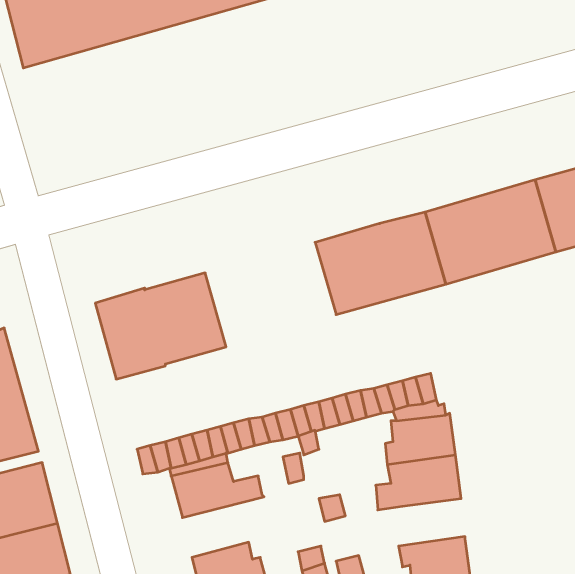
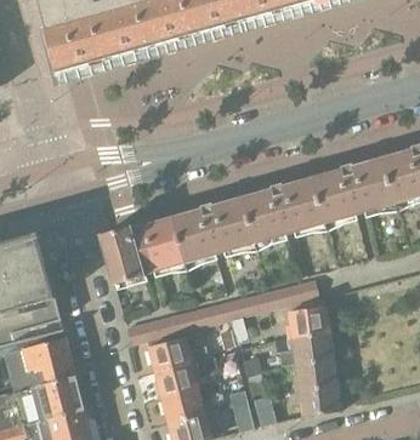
building: none -> [170,196,254,263]
building: none -> [155,356,216,398]
building: none -> [293,360,336,390]

